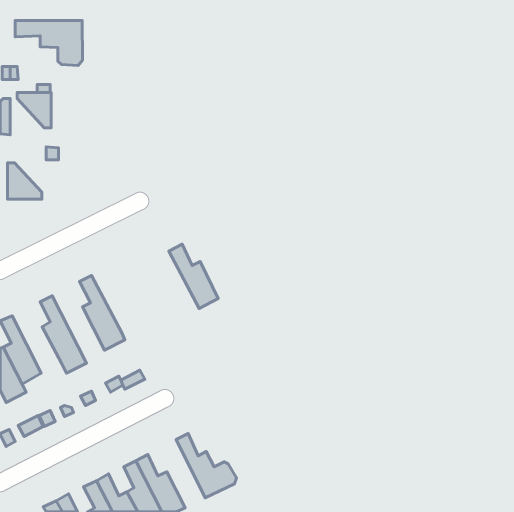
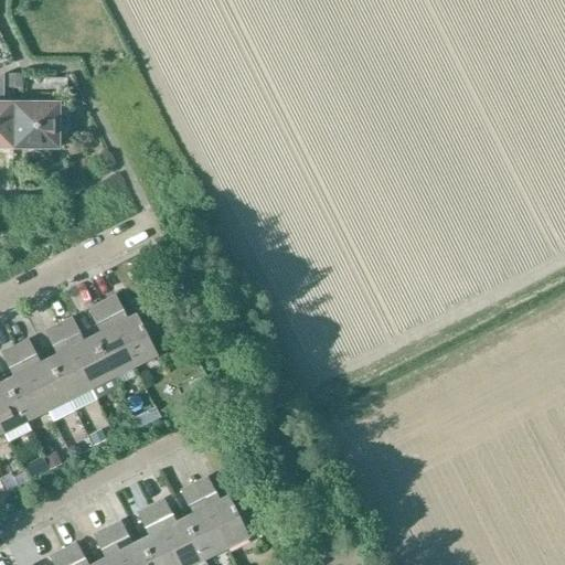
building: [15,20,83,66] -> none
building: [8,163,42,199] -> [11,108,49,148]
building: [169,244,218,309] -> [100,295,154,365]
building: none -> [57,318,117,398]
building: none -> [13,339,73,420]
building: none -> [180,482,225,557]

